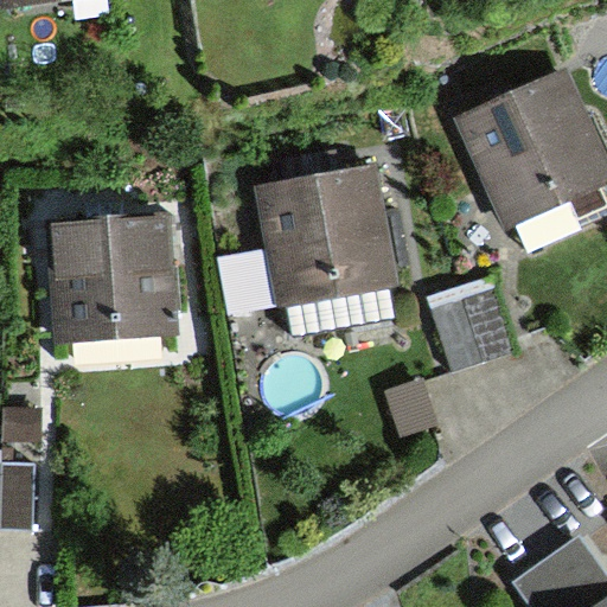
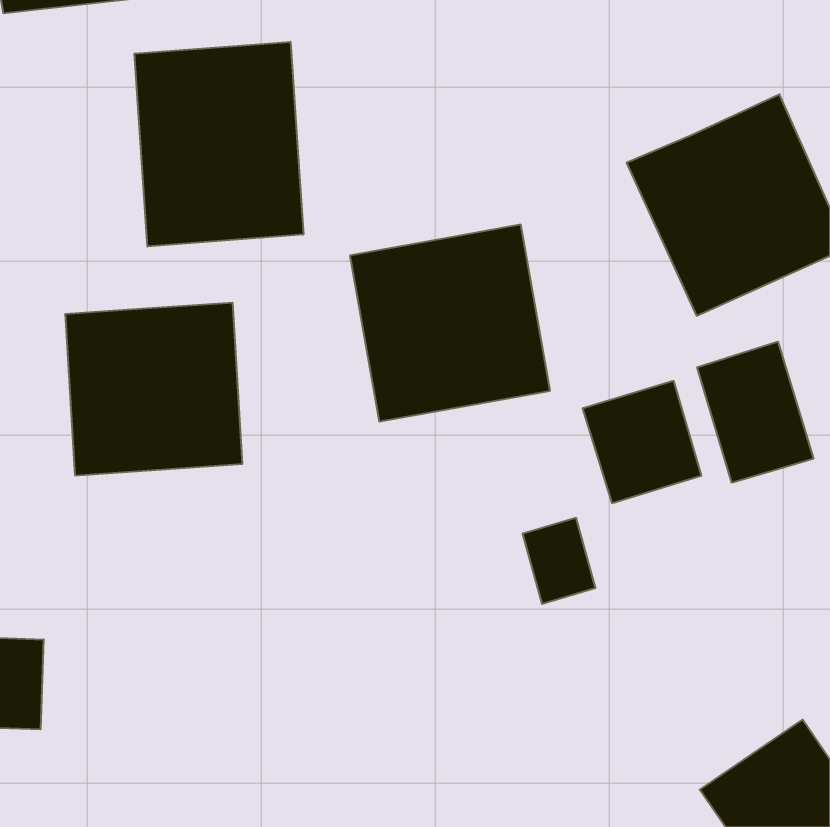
building: none -> [134,42,303,247]
building: none -> [697,342,813,483]

